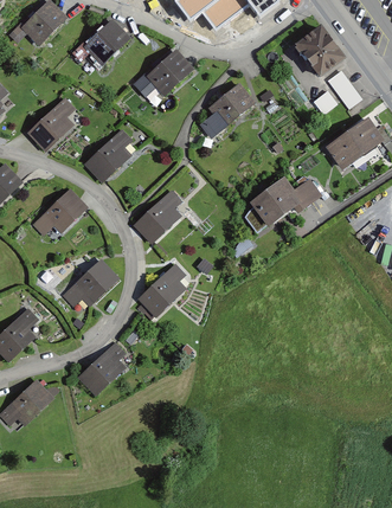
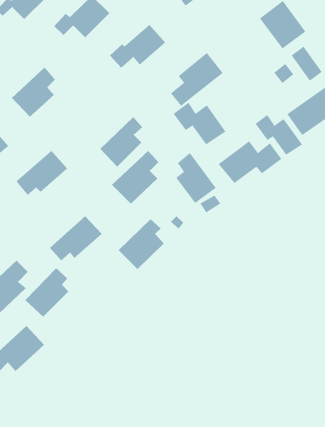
building: [89,128,136,184] -> [100,116,143,167]
building: none -> [173,102,226,145]
building: none -> [255,114,303,155]
building: none -> [175,152,217,204]
building: [83,340,131,394] -> [25,267,69,317]

